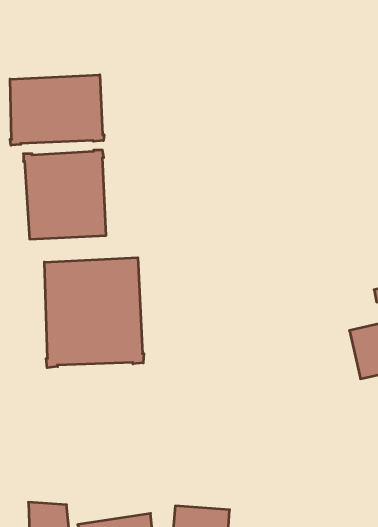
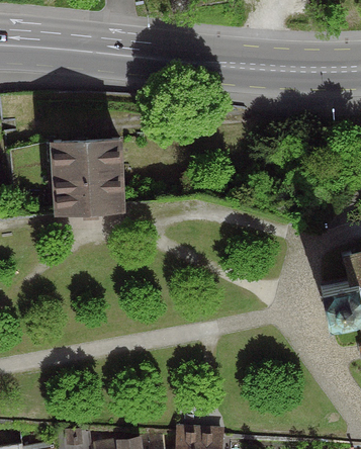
building: [10,75,104,145] -> none
building: [44,258,144,368] -> none

